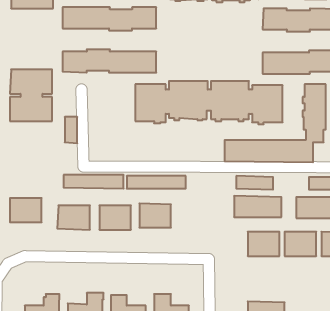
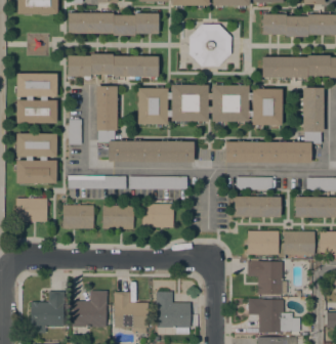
building: none -> [190,25,232,67]
building: none -> [96,86,194,162]
building: none -> [16,134,57,184]
building: none -> [248,261,290,295]

